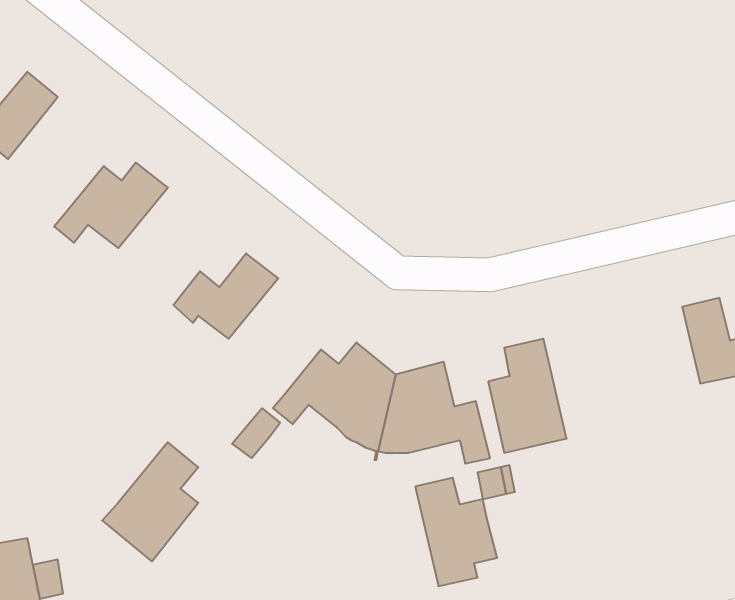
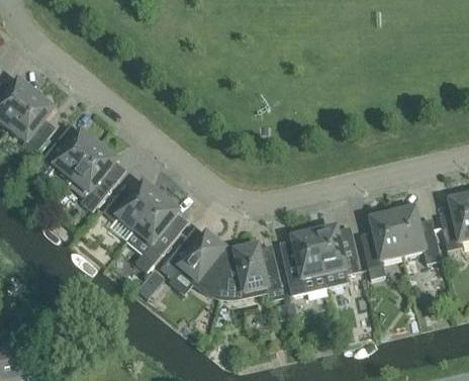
building: none -> [9,92,55,154]
building: none -> [72,144,118,210]
building: none -> [363,211,402,278]
building: [102,442,198,561] -> [125,195,180,263]
building: [415,478,497,586] -> [313,224,360,286]

